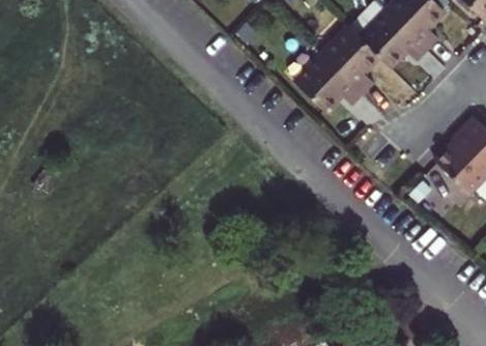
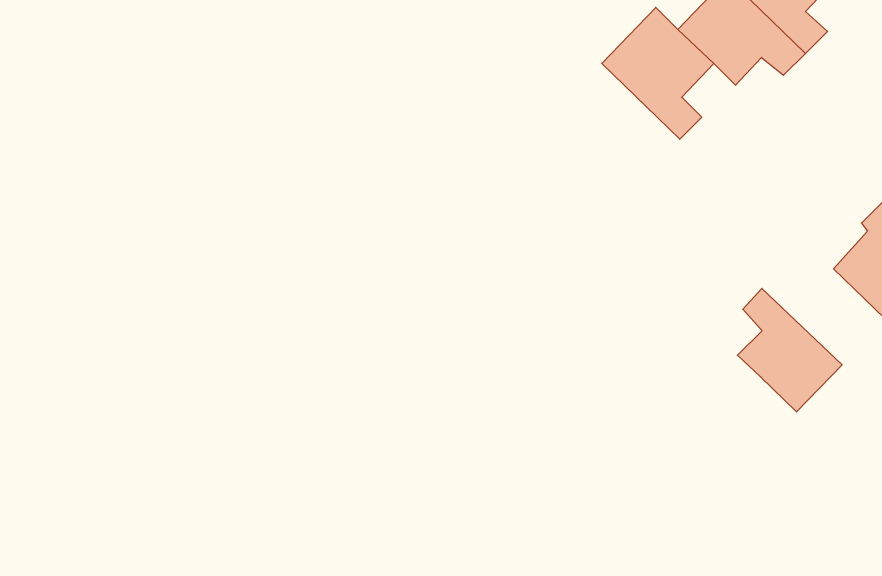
building: [291,56,358,112] -> none
building: none -> [737,288,842,412]

